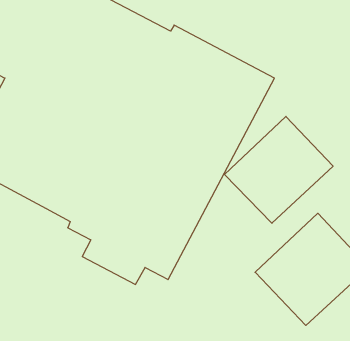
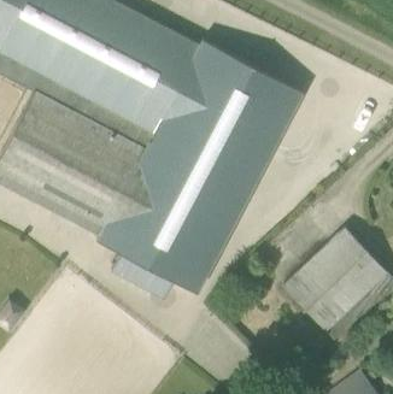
building: [225,116,333,223] -> none

